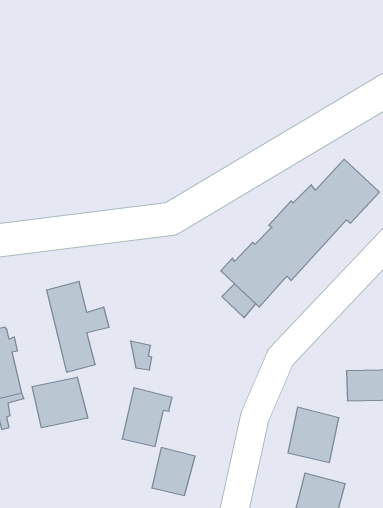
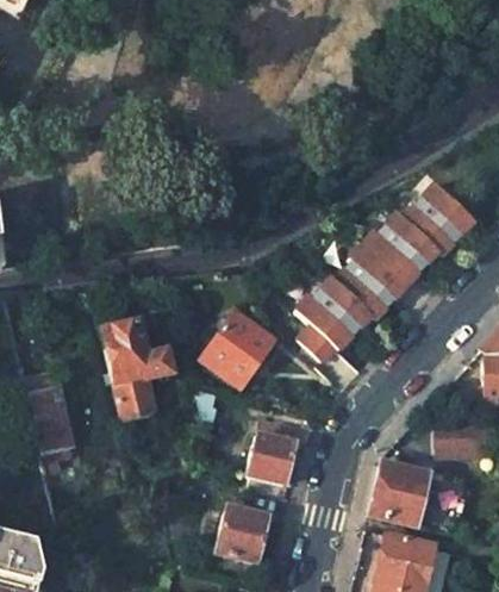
building: none -> [201,311,273,385]
building: [32,377,88,428] -> none
building: [122,388,172,446] -> [248,417,304,482]

